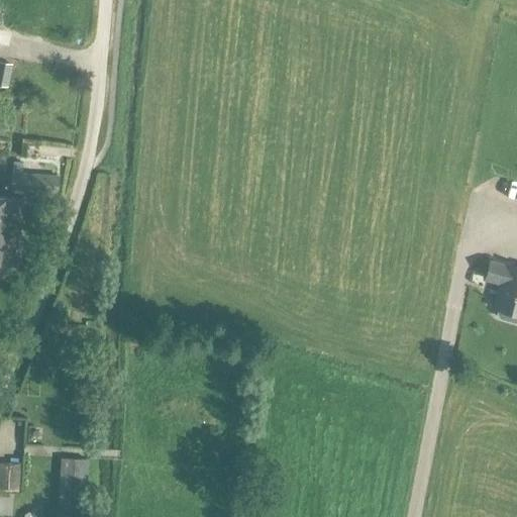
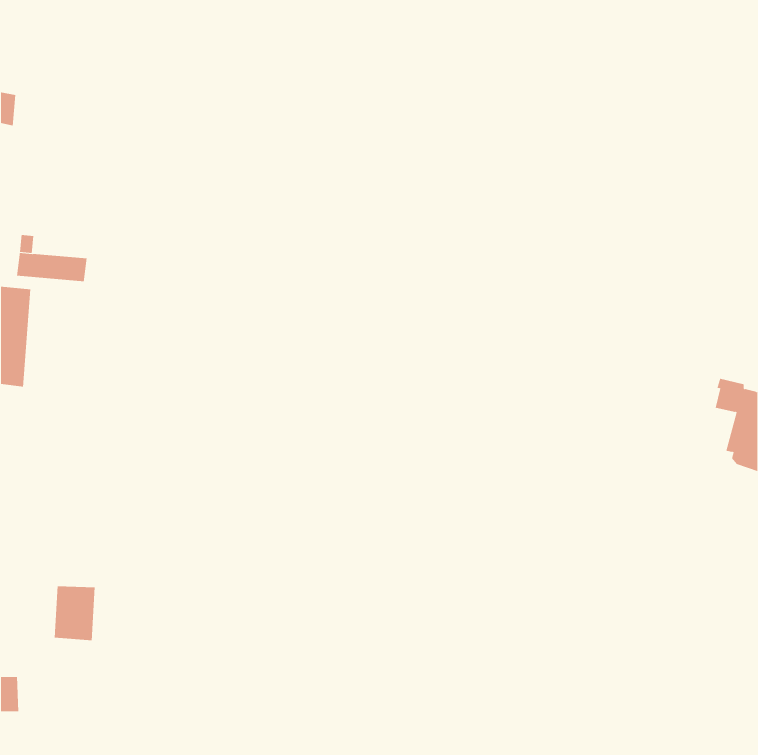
building: [60,456,88,494] -> [54,586,95,641]

